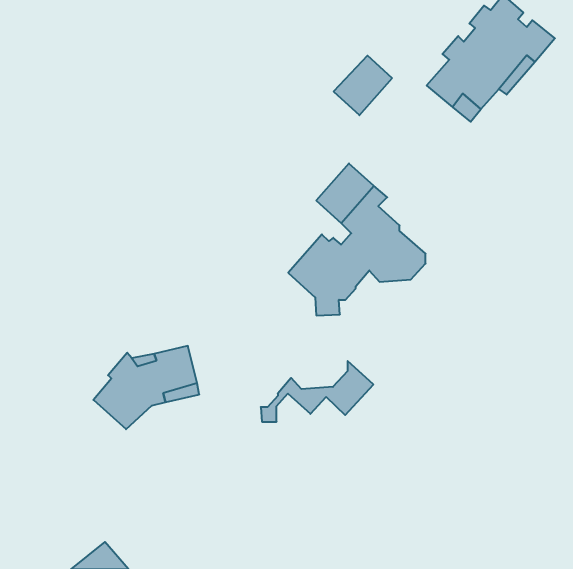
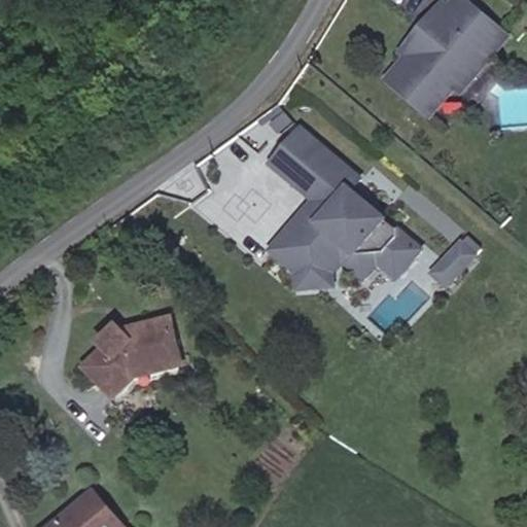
building: [334,56,392,115] -> [266,129,319,183]
building: none -> [430,226,485,283]
building: [261,361,373,422] -> [310,232,413,287]

